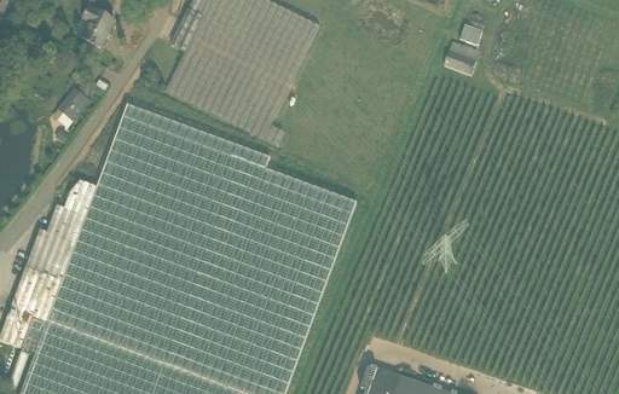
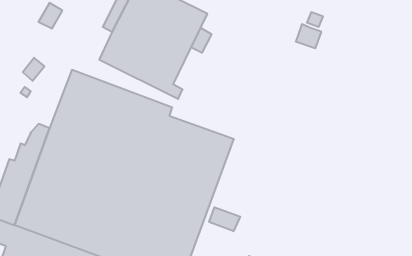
building: none -> [191,28,211,53]
building: none -> [209,207,240,231]

